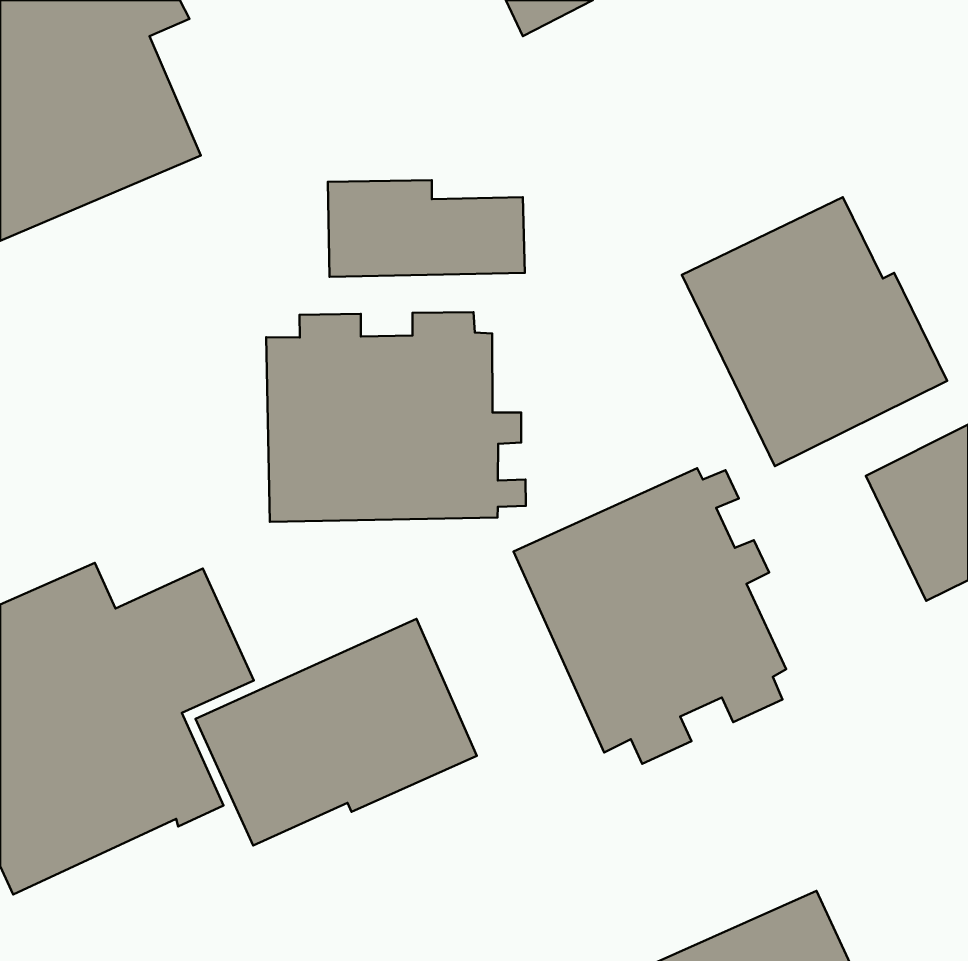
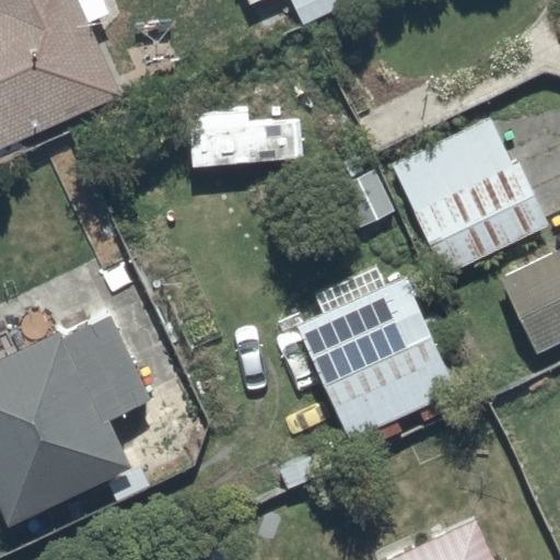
building: [266,312,526,522] -> none
building: [195,619,477,845] -> none

